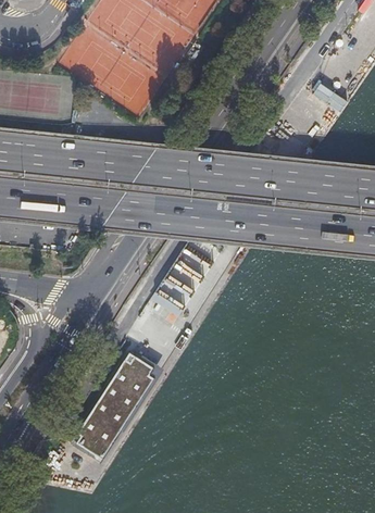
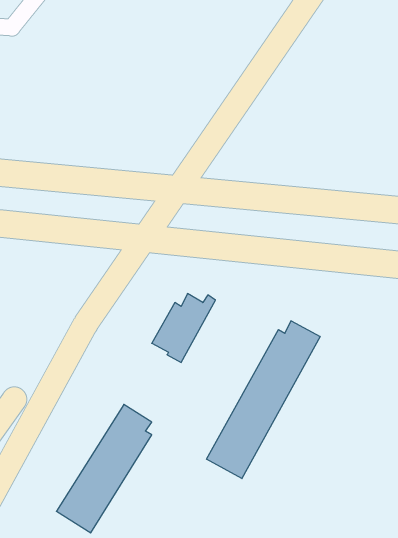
building: none -> [207,321,320,479]

